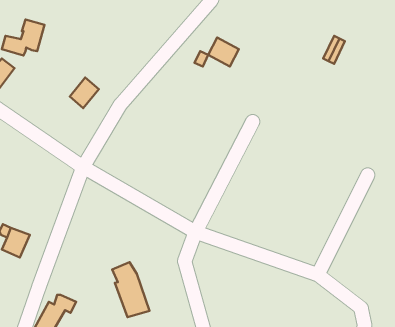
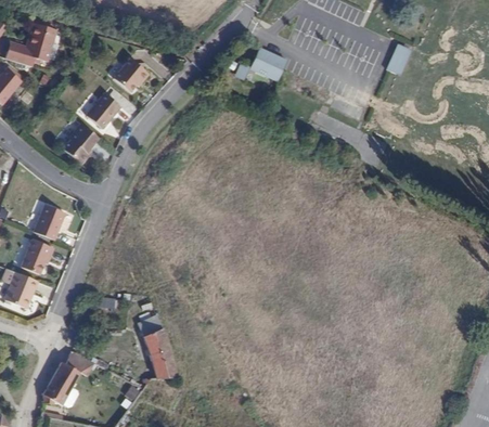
building: none -> [112,60,146,93]
building: none -> [63,125,99,165]
building: none -> [34,205,65,241]
building: none -> [20,242,54,276]

